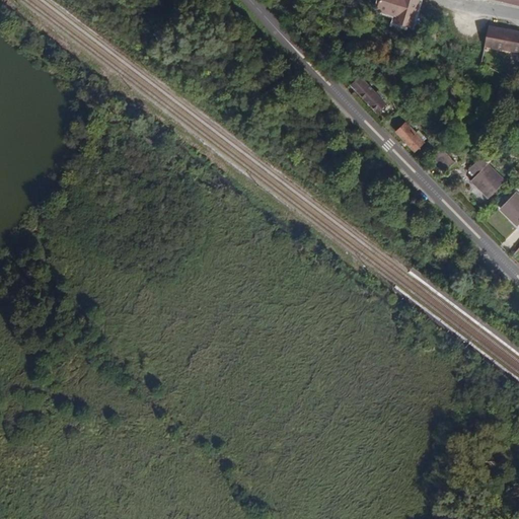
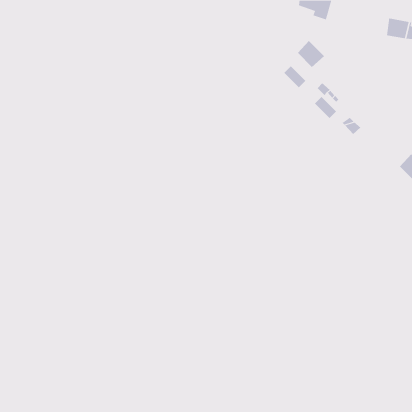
building: none -> [297,40,325,68]
building: [469,158,505,199] -> none

